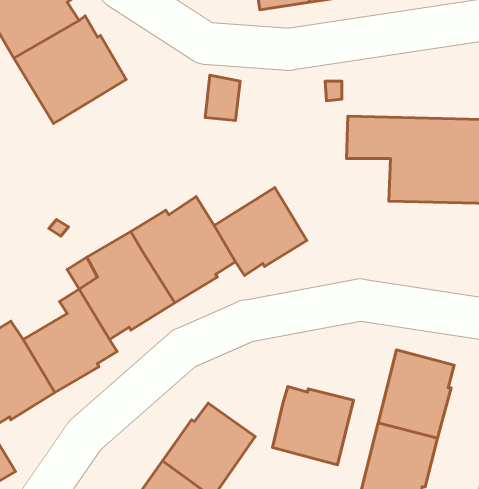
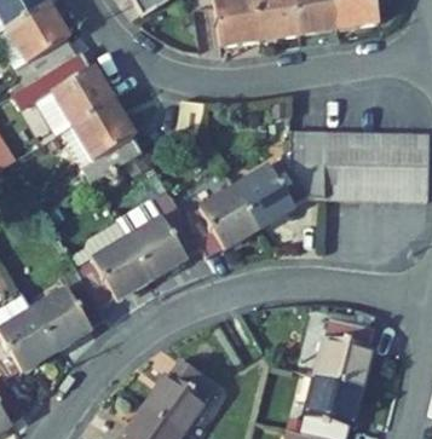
building: none -> [62,100,143,183]
building: none -> [232,155,324,229]
building: [272,386,353,465] -> none

